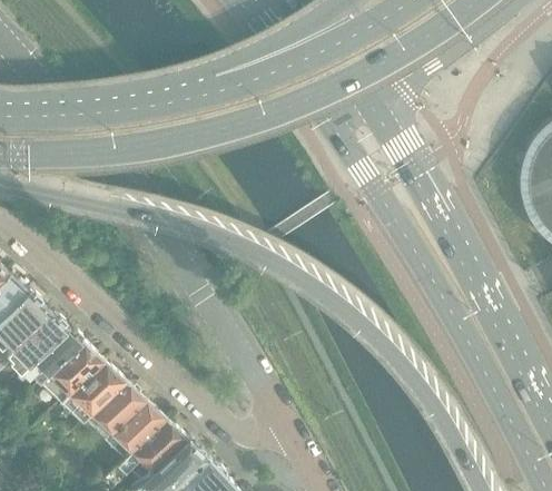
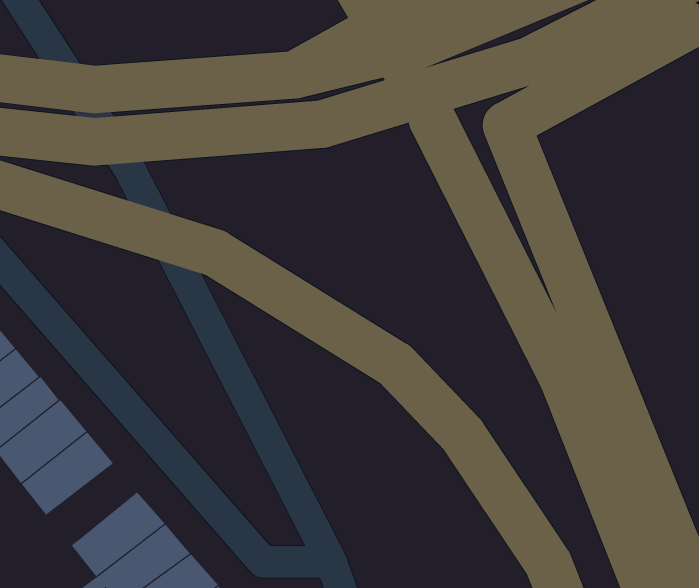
building: [85,383,147,444] -> none

